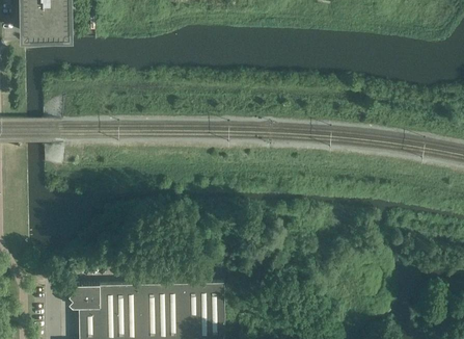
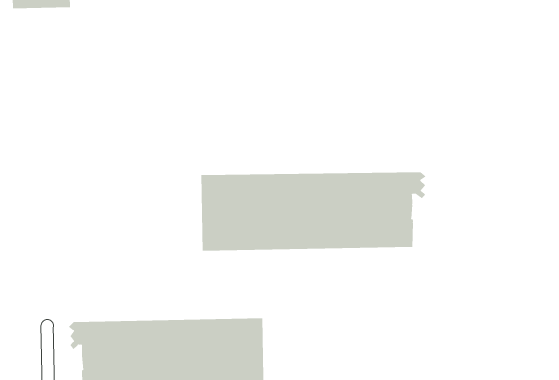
building: none -> [201,172,427,251]

